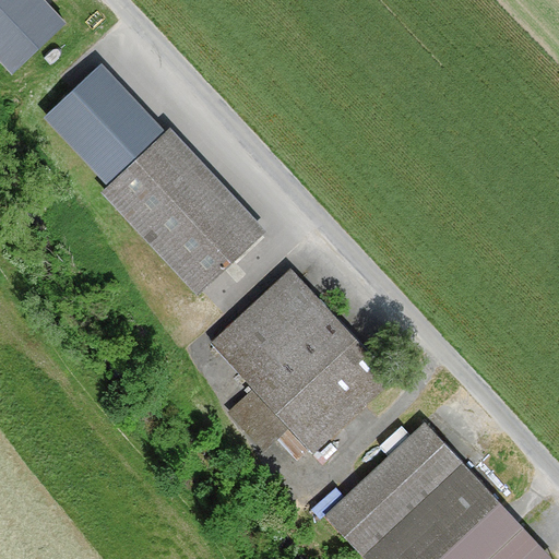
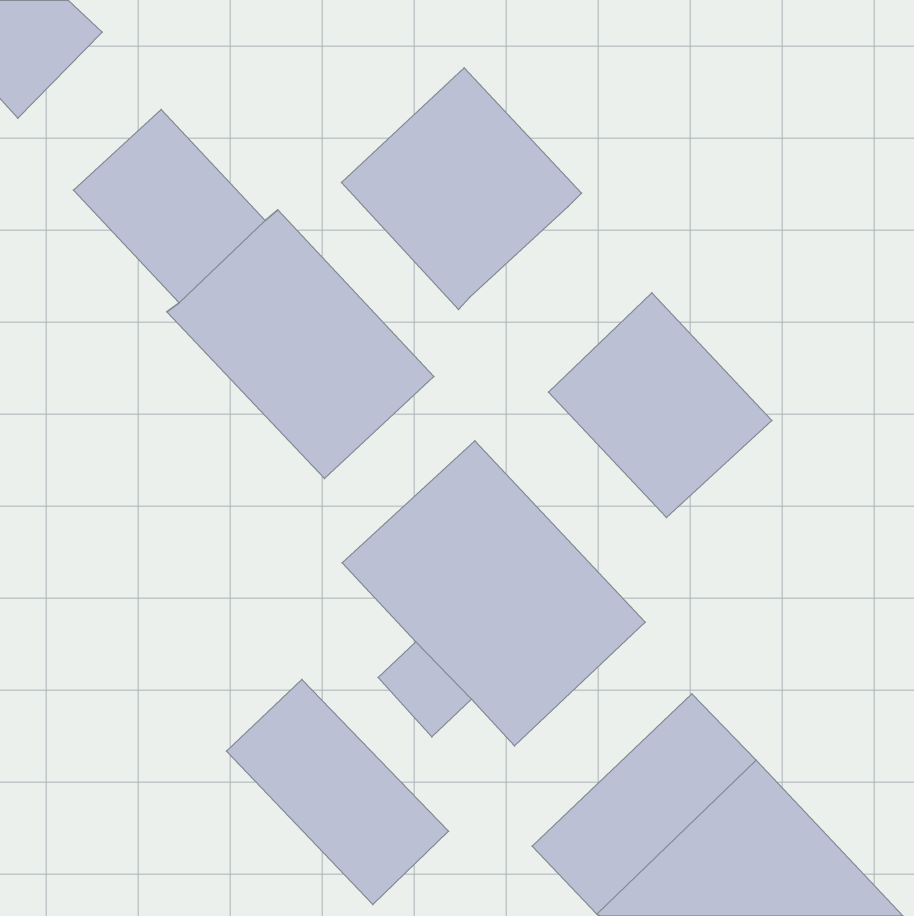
building: none -> [342,68,581,310]
building: none -> [548,293,772,517]
building: none -> [226,680,448,904]

